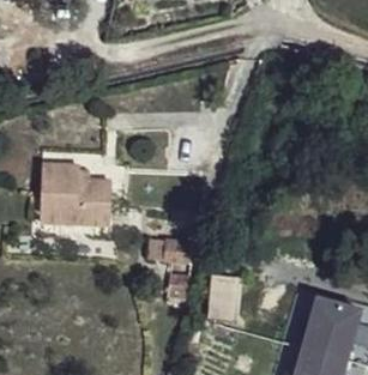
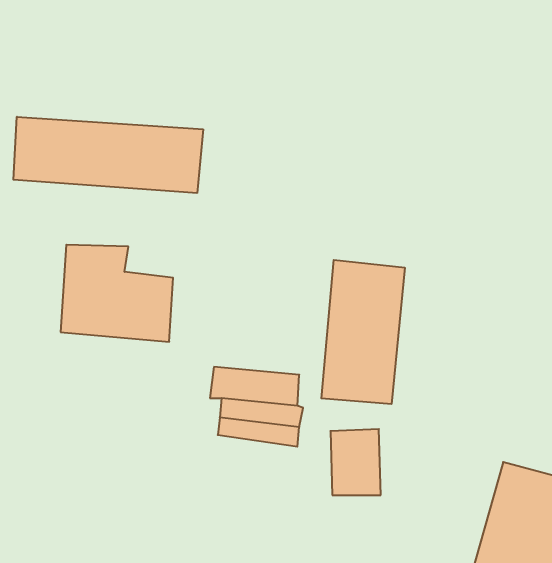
building: none -> [13,117,203,193]
building: none -> [321,260,405,404]

